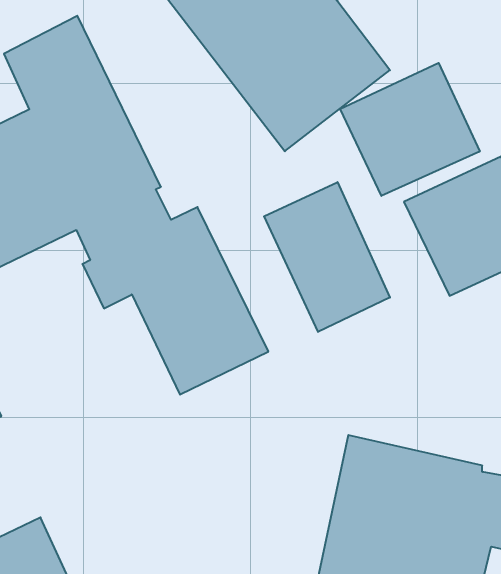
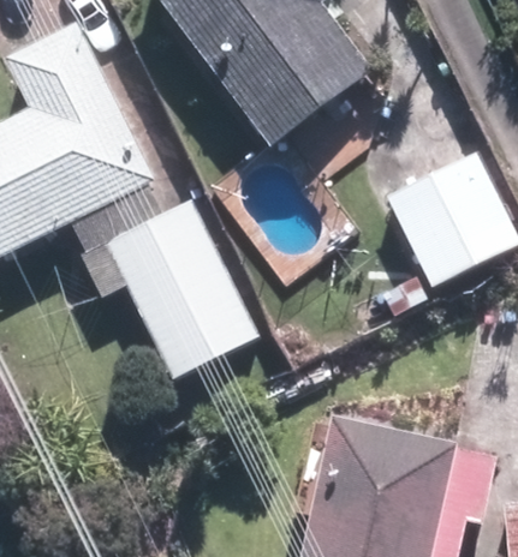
building: [340,63,480,196] -> none
building: [264,182,390,332] -> none

